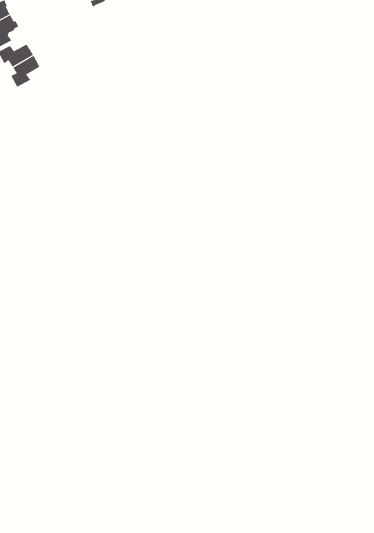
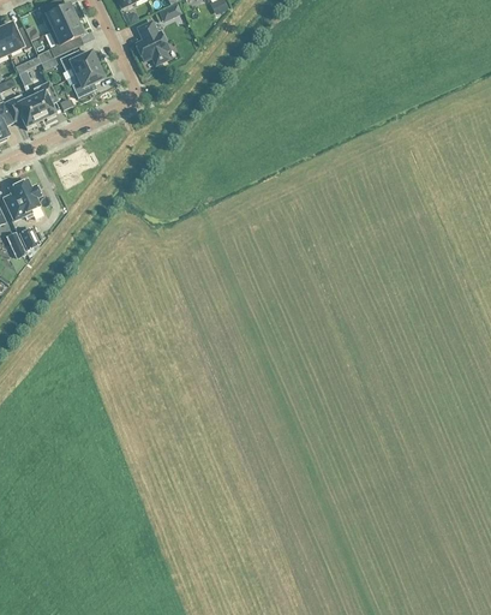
building: none -> [136,20,168,62]

